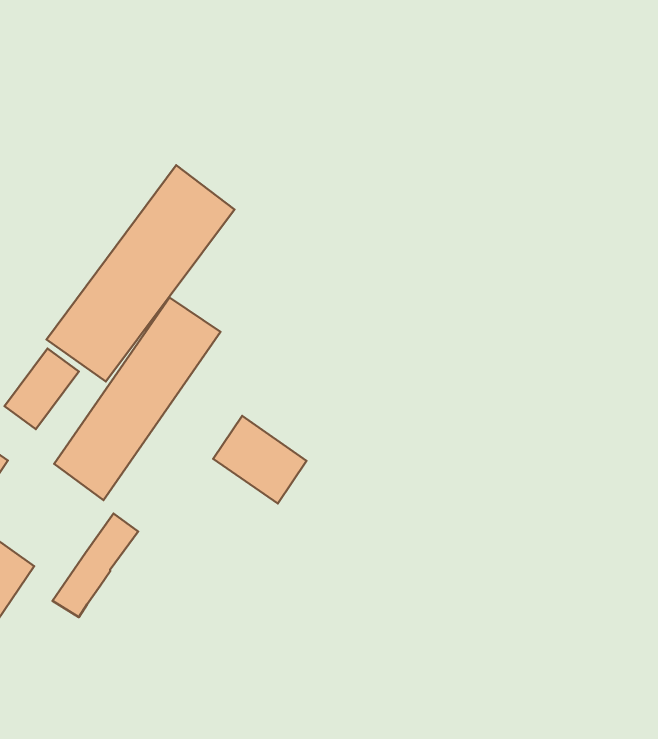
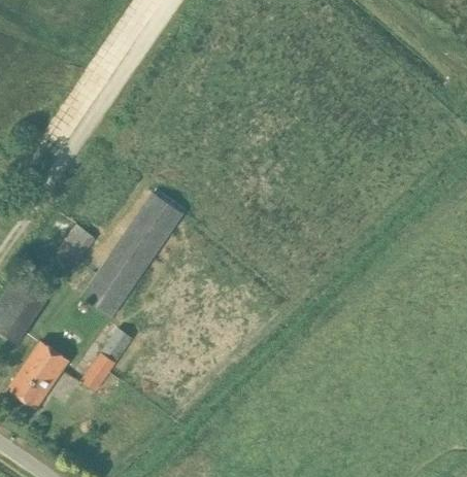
building: [46,165,234,382] -> none
building: [213,416,307,503] -> none

